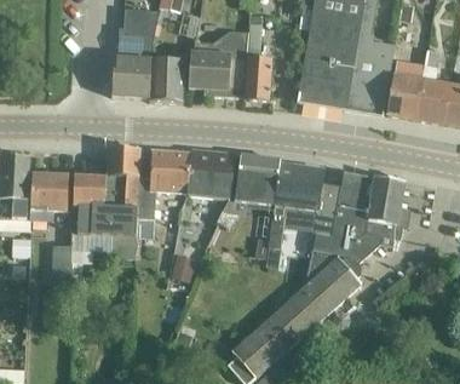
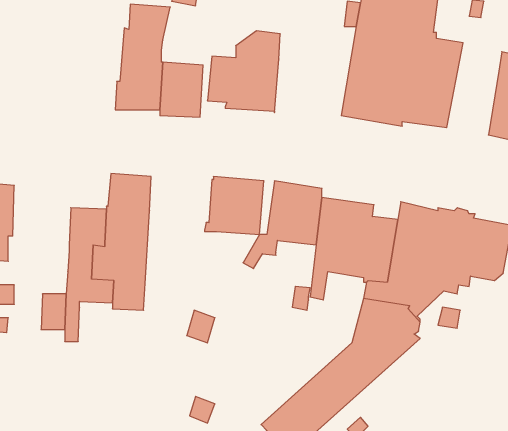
building: [242,13,271,99] -> none
building: [389,58,425,115] -> none
building: [137,149,191,237] -> none
building: [31,172,76,219] -> none

